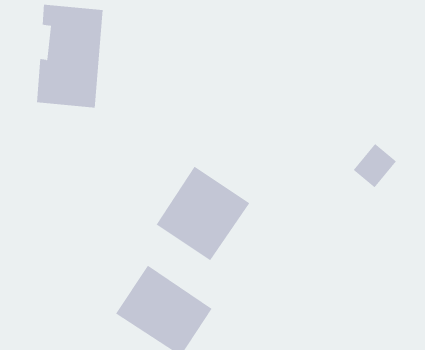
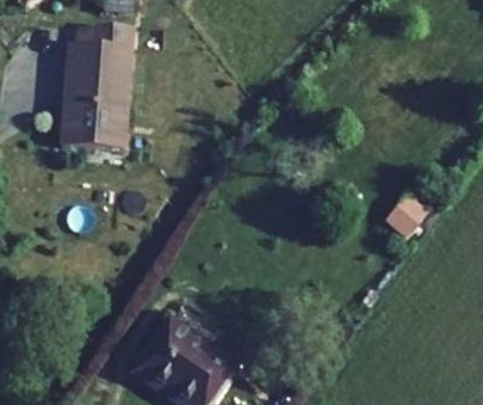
building: [156,166,250,261] -> none

